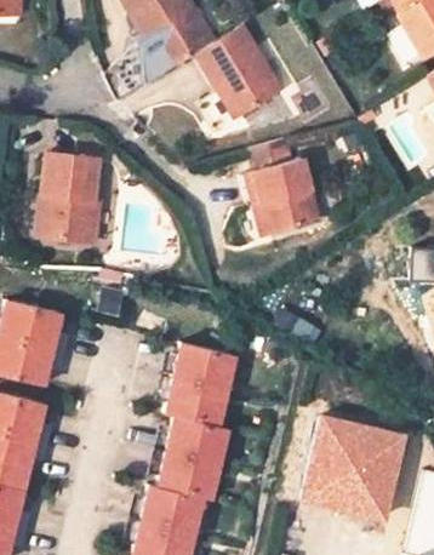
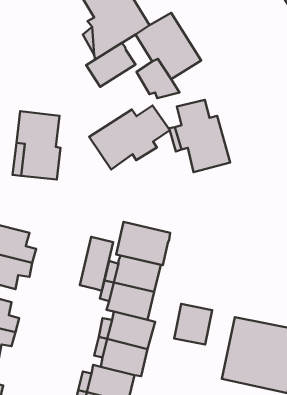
building: none -> [86,43,136,87]
building: none -> [89,106,170,169]
building: none -> [116,222,170,265]
building: none -> [80,237,113,291]
building: none -> [174,304,212,344]

